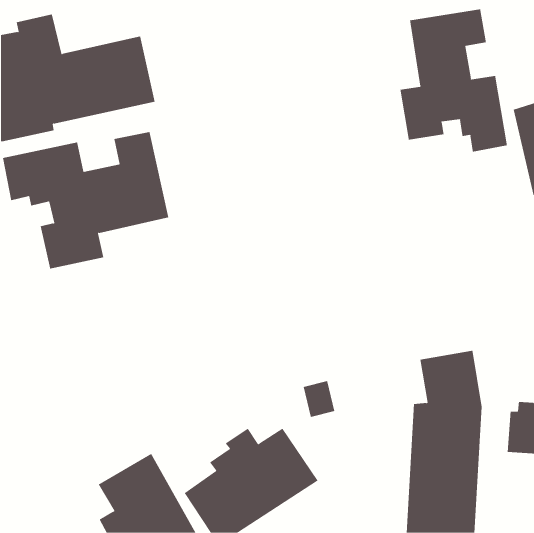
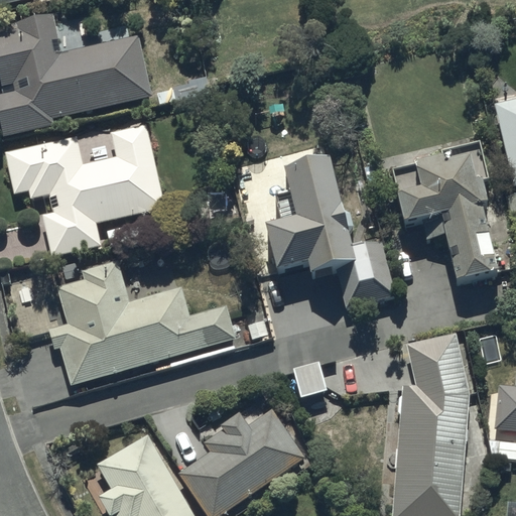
building: [400,8,508,152] -> none
building: none -> [392,143,495,283]
building: none -> [263,160,400,310]
building: none -> [48,260,238,384]

